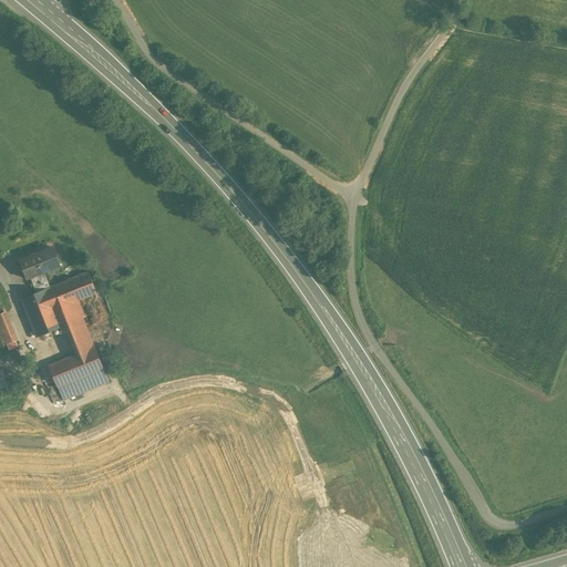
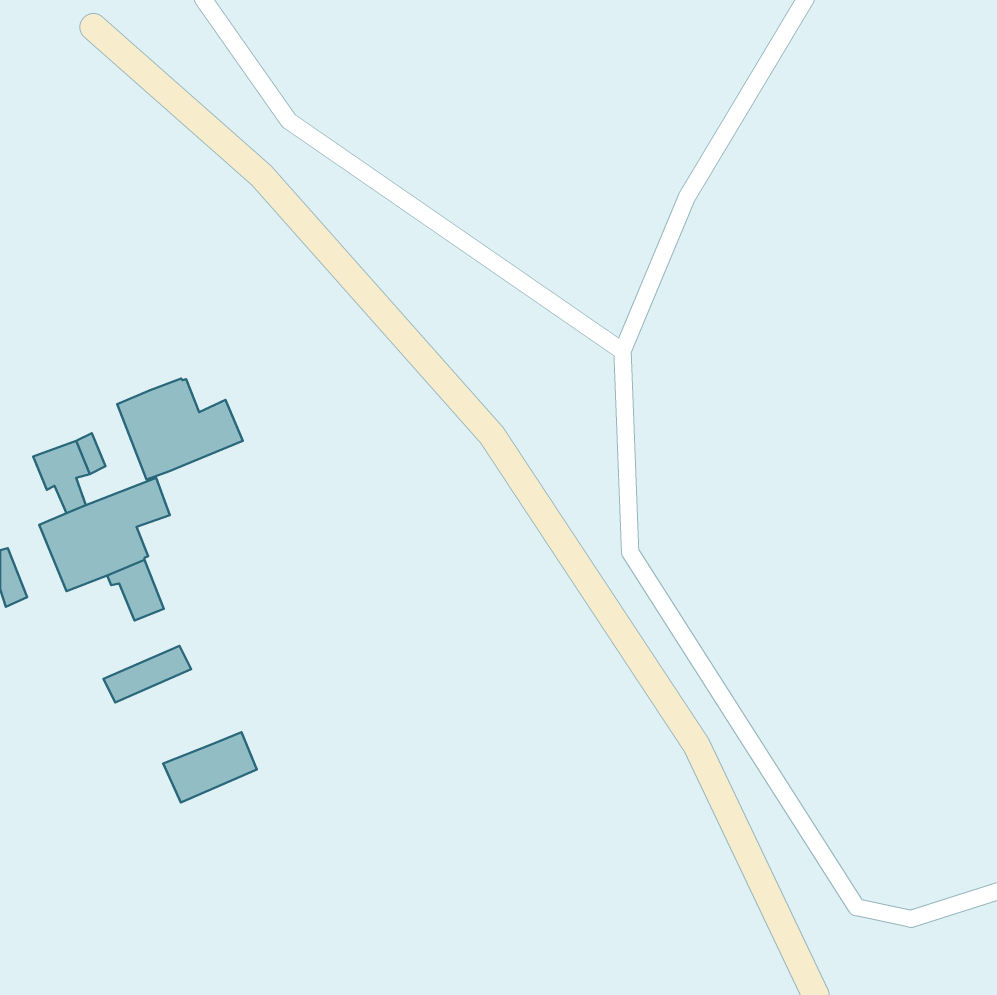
building: none -> [117,379,243,479]
building: [49,346,102,385] -> [163,732,257,803]

